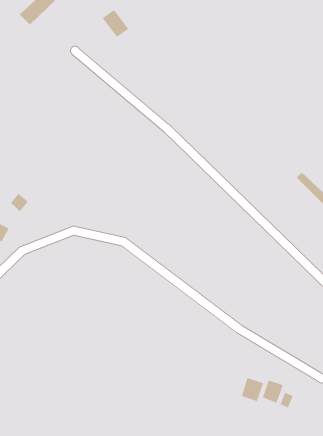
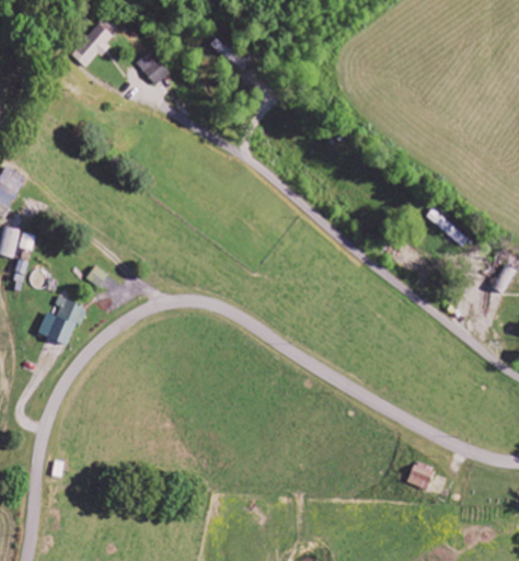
building: [102,9,129,38] -> [136,50,170,84]
building: [241,377,264,402] -> none

